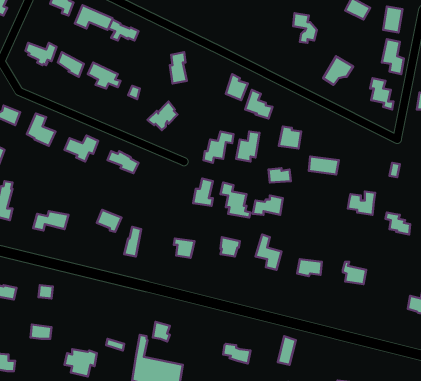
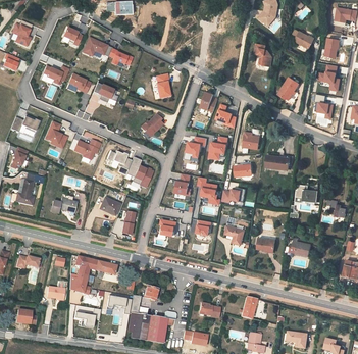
building: none -> [125,156,152,186]
building: none -> [72,256,115,295]

